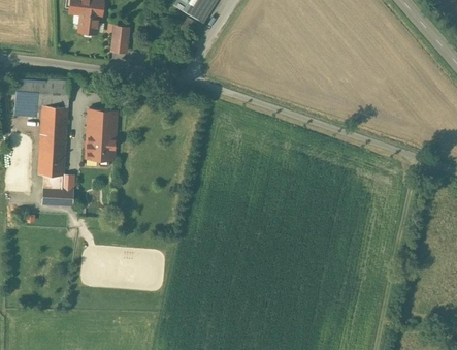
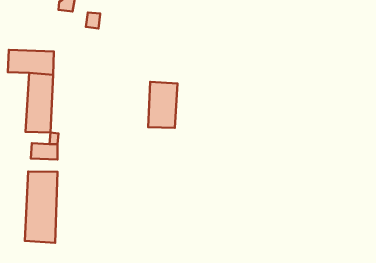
building: [85,106,119,160] -> [148,82,178,128]
building: none -> [25,171,58,243]

